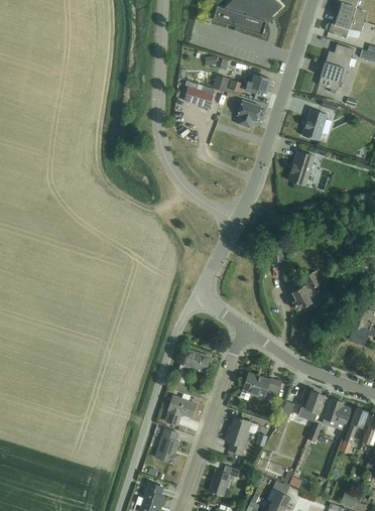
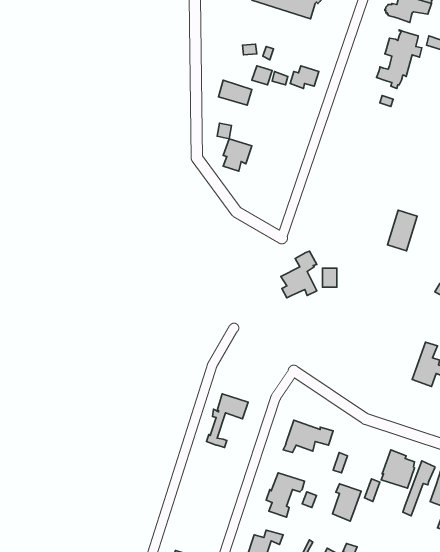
building: [238,101,262,128] -> [223,139,252,171]
building: [303,109,328,141] -> none
building: [289,151,315,185] -> [387,210,417,251]
building: [292,271,323,310] -> [281,251,317,298]
building: [299,389,324,420] -> [332,484,361,521]
building: [166,394,197,425] -> none
building: [156,429,178,464] -> none

